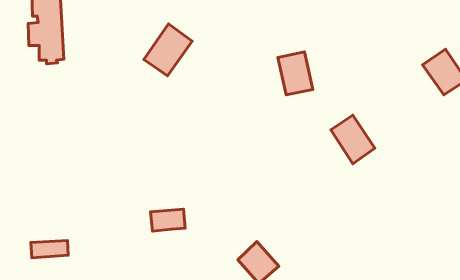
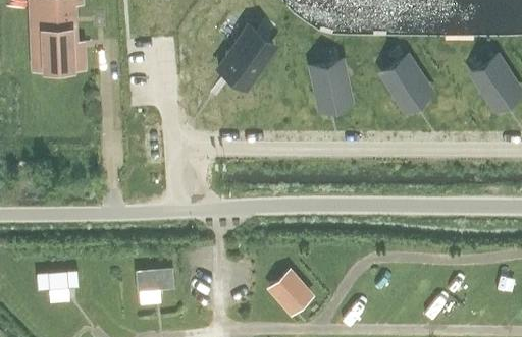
building: [144,24,192,76] -> [219,29,273,87]
building: [331,115,375,164] -> [382,56,431,110]
building: [151,209,185,231] -> [137,268,175,292]

